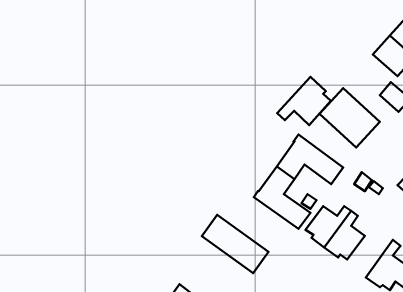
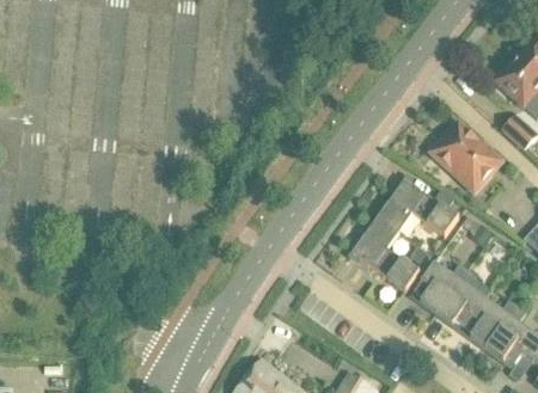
building: [277,77,331,125] -> none
building: [202,215,268,273] -> none
building: none -> [463,297,518,349]

